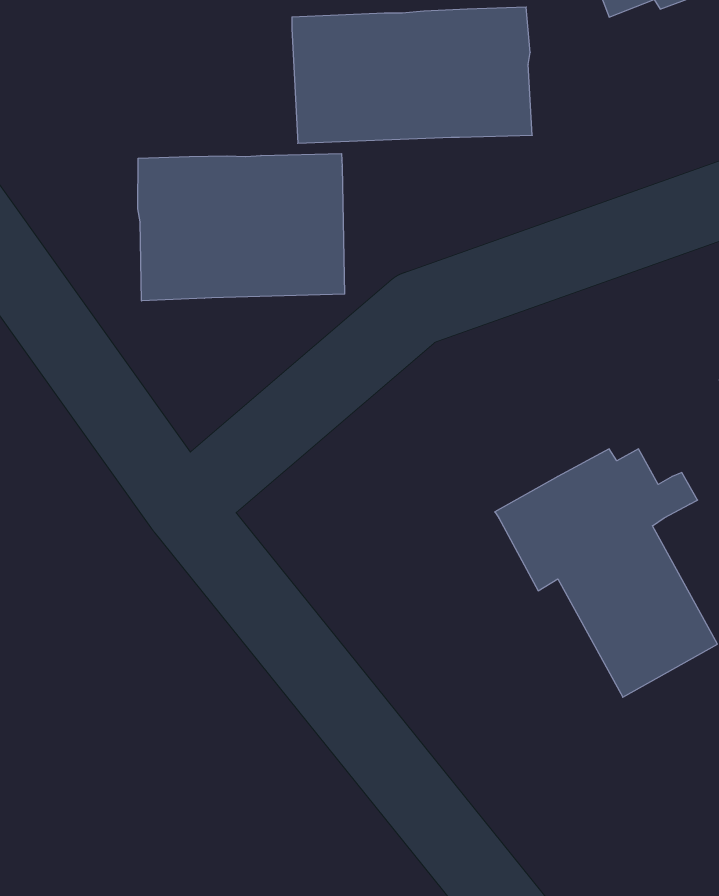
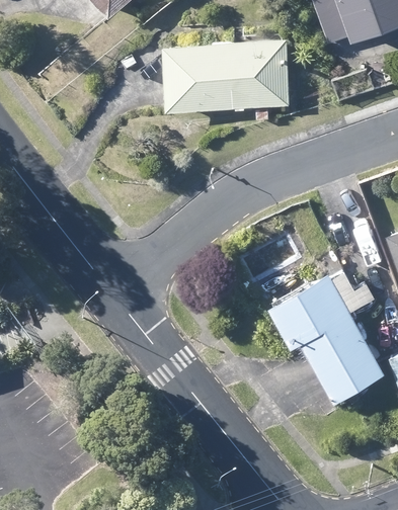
building: [138,154,345,301] -> none

